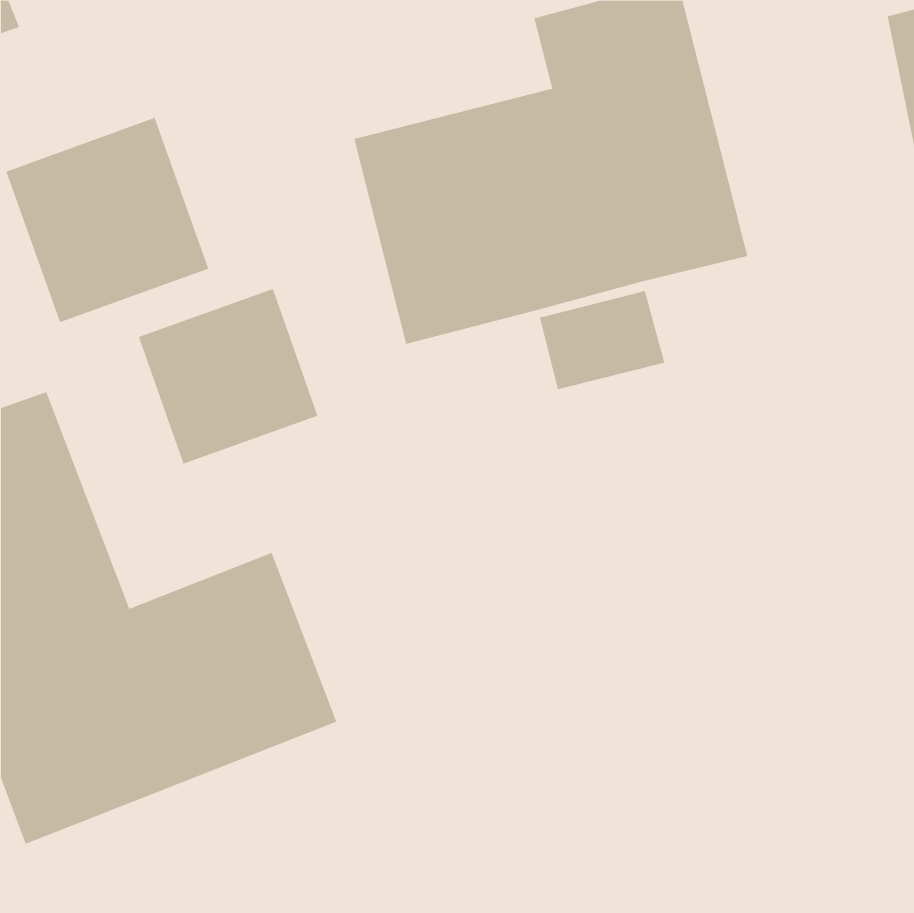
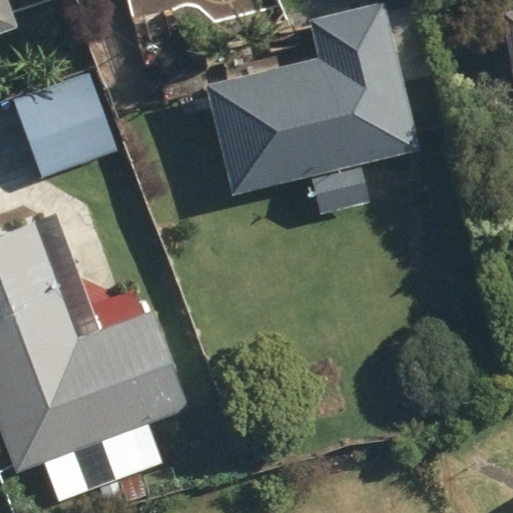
building: [138,288,318,464] -> none

